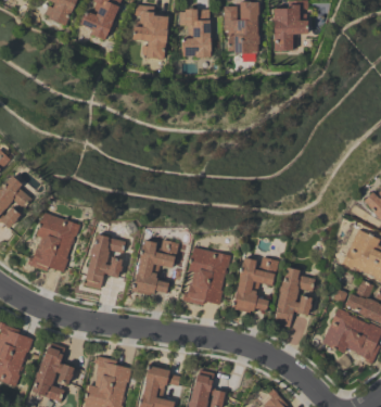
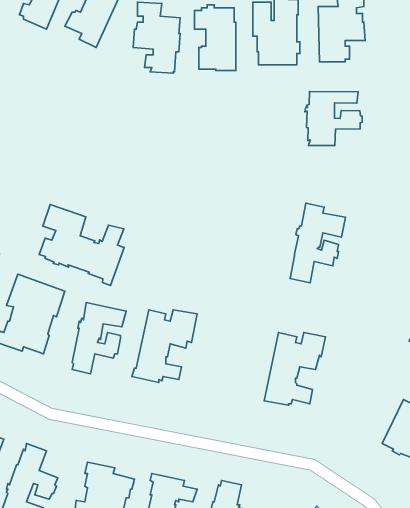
building: none -> [305,92,362,146]
building: none -> [39,204,124,286]
building: [183,247,231,305] -> none
building: [275,267,317,328] -> [290,203,346,283]

